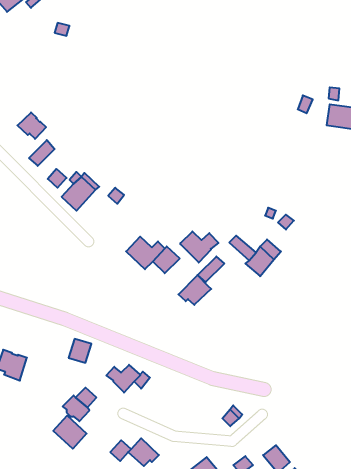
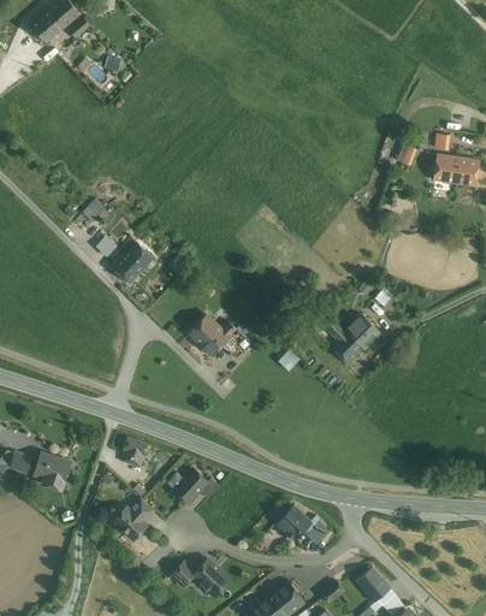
building: [17,112,46,139] -> none
building: [180,231,218,263] -> none
building: [178,275,211,305] -> none
building: none -> [277,505,309,538]
building: [53,416,87,449] -> none

